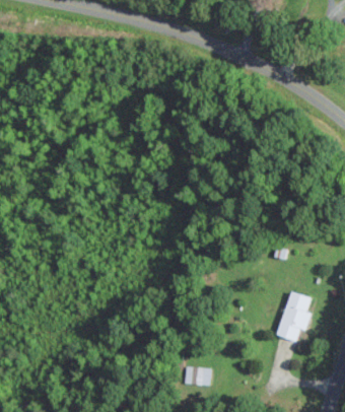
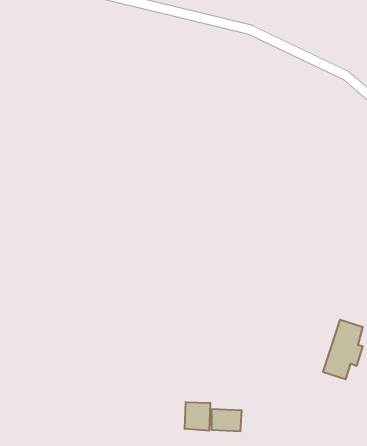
building: none -> [185,402,210,431]

